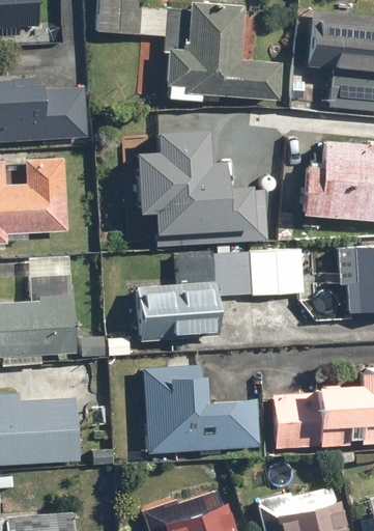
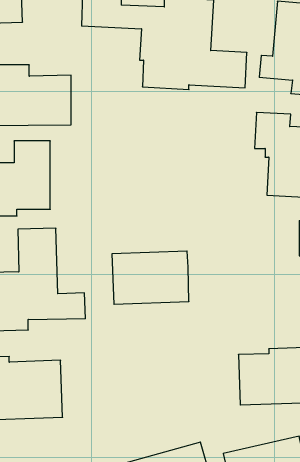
building: [134,135,268,247] -> none
building: [214,247,307,298] -> none
building: [142,364,259,453] -> none

